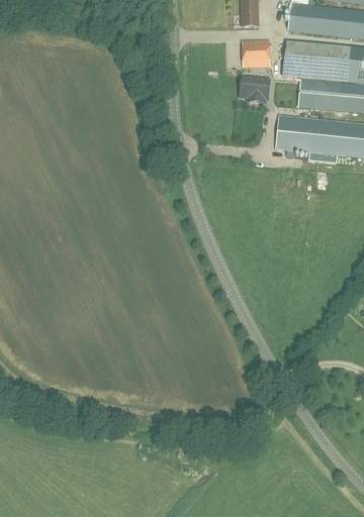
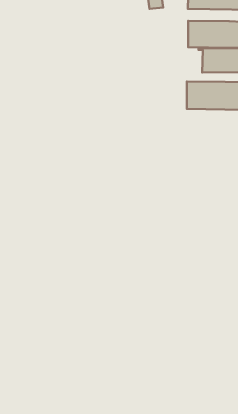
building: [242,38,270,67] -> none
building: [240,72,270,102] -> none

